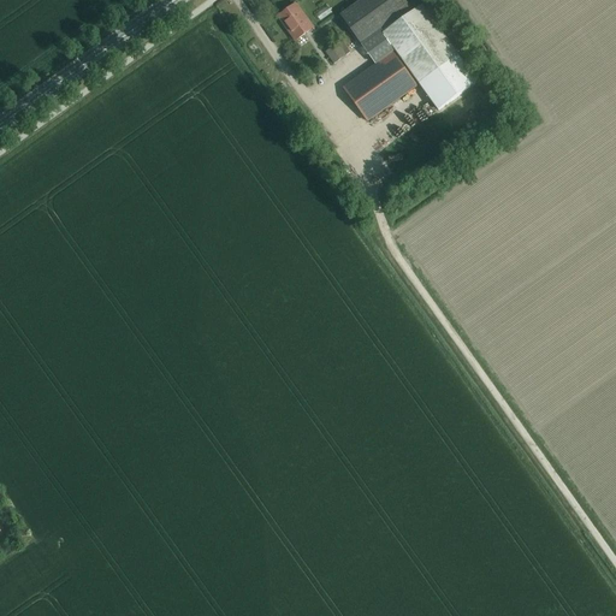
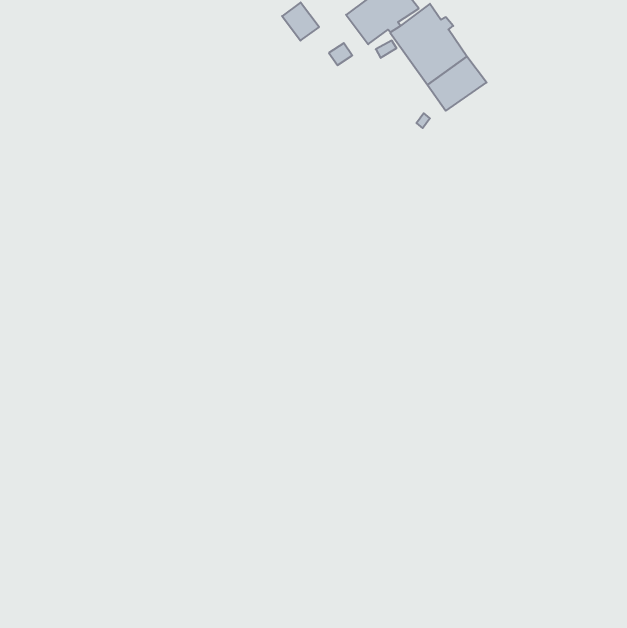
building: [342,52,415,120] -> none

